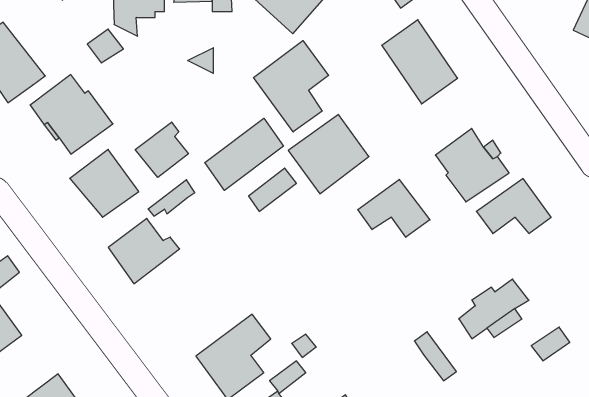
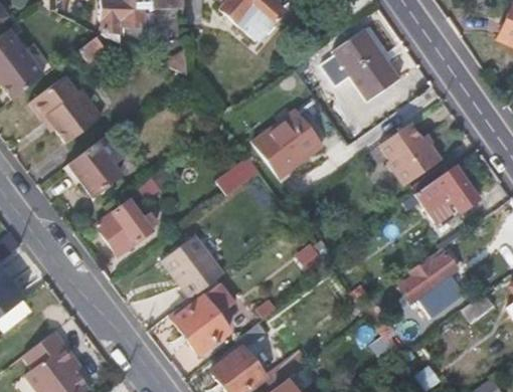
building: [254,41,329,132] -> none
building: [205,118,283,190] -> none
building: [135,122,188,177] -> none
building: [358,179,430,237] -> none
building: none -> [163,234,225,297]

